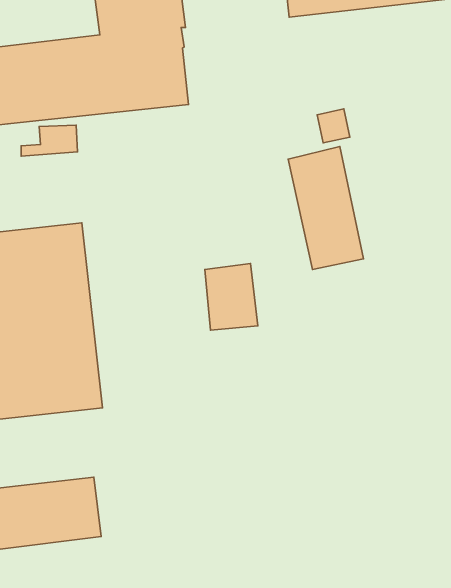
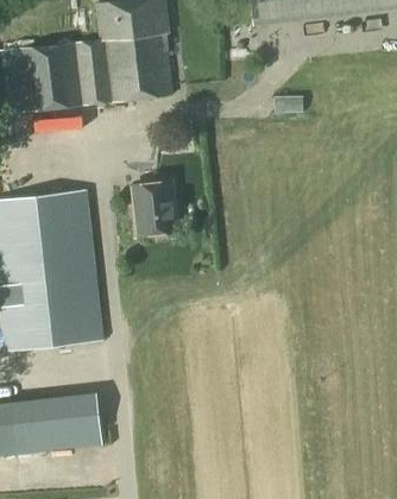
building: [288,147,364,269] -> none
building: [205,264,258,330] -> [134,181,177,234]

